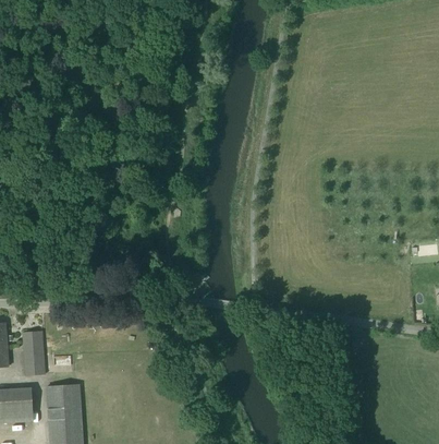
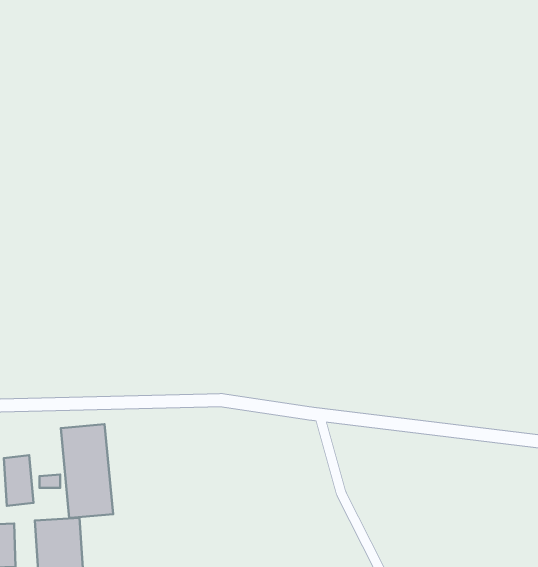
building: none -> [61,424,113,518]

